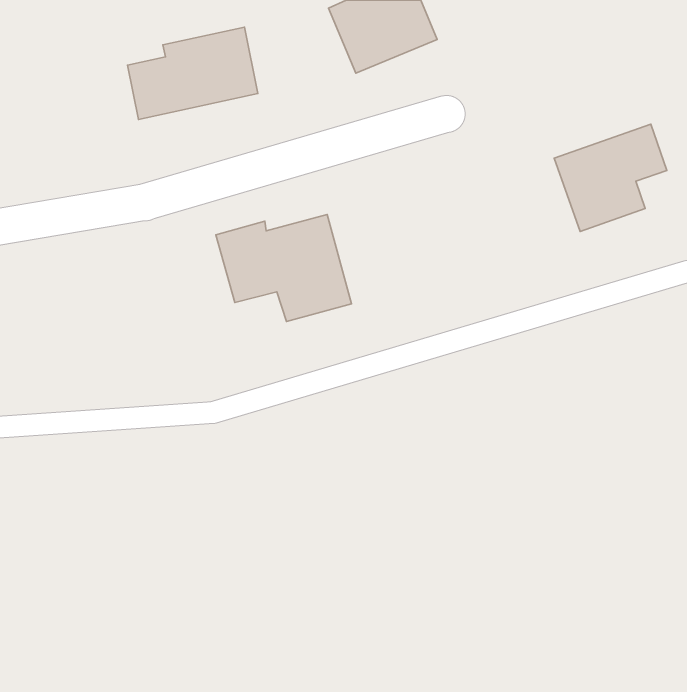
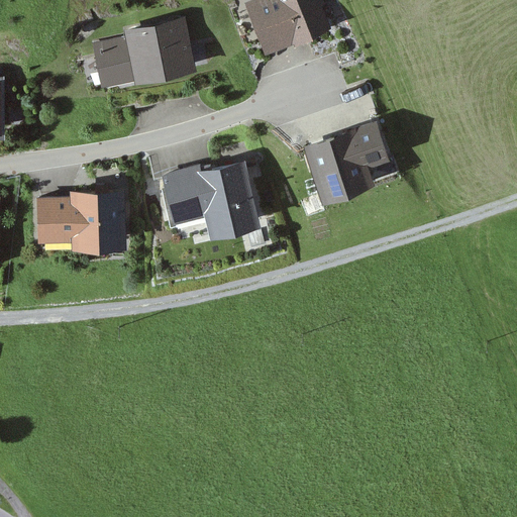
building: [554,124,667,231] -> [306,124,390,204]
building: none -> [41,188,122,243]

